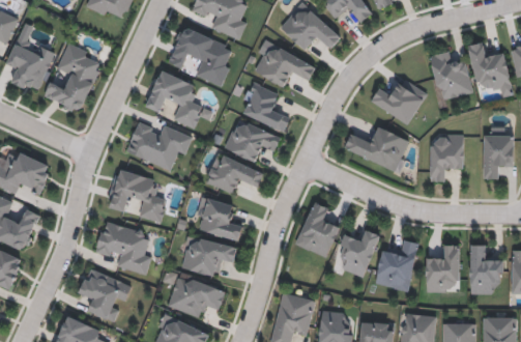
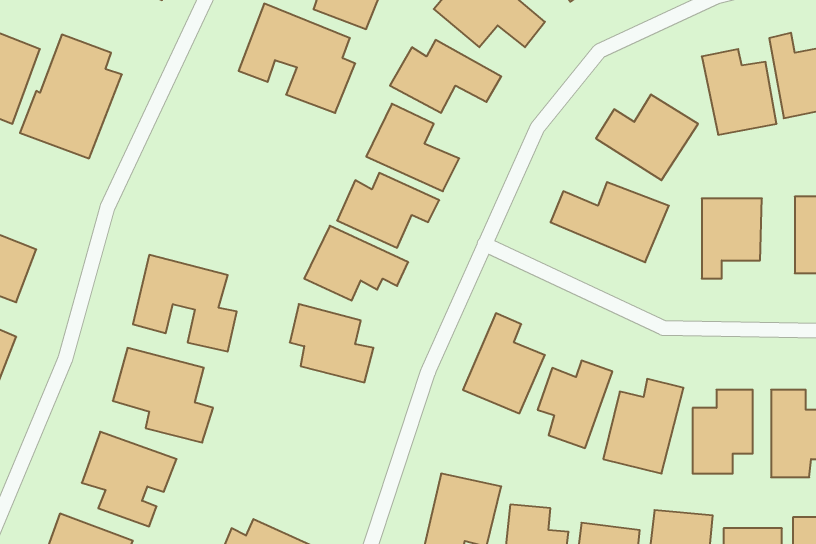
building: [145,69,202,129] -> none
building: [125,123,192,170] -> none
building: [180,237,236,277] -> none
building: [167,274,225,318] -> none

